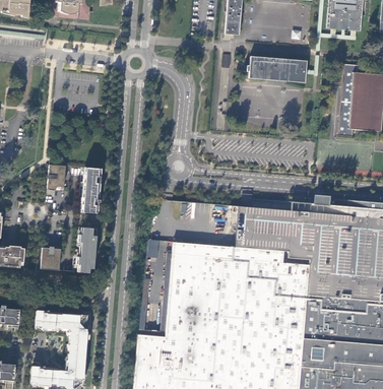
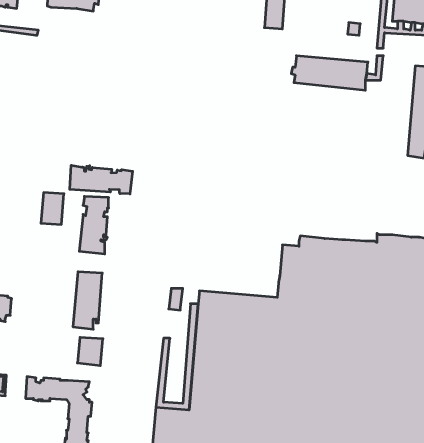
building: none -> [70,165,133,194]
building: [41,248,61,270] -> [77,337,103,366]

